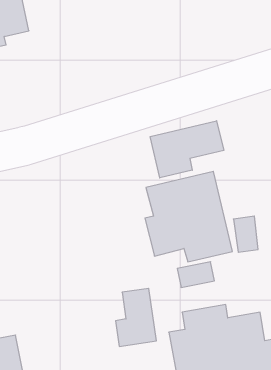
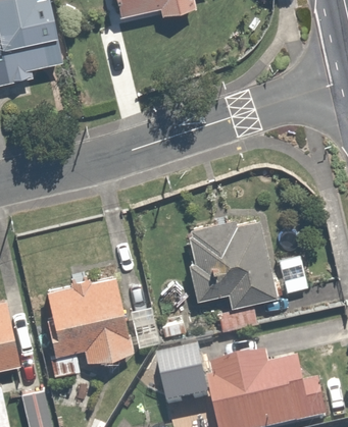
building: [150,121,224,178] -> none
building: none -> [39,271,135,385]

